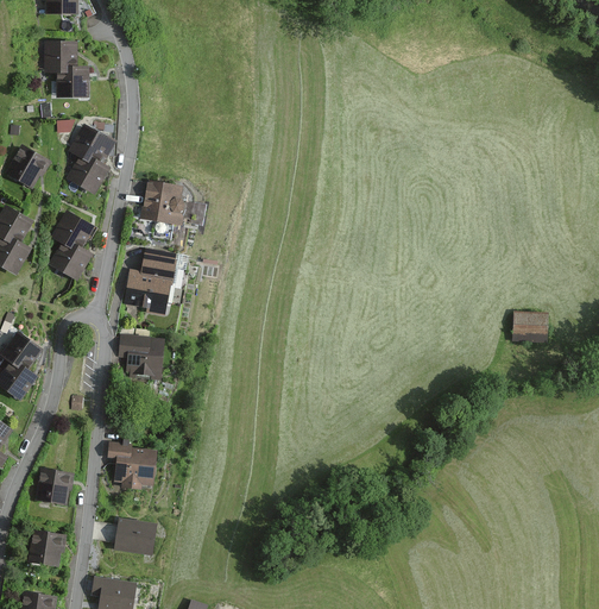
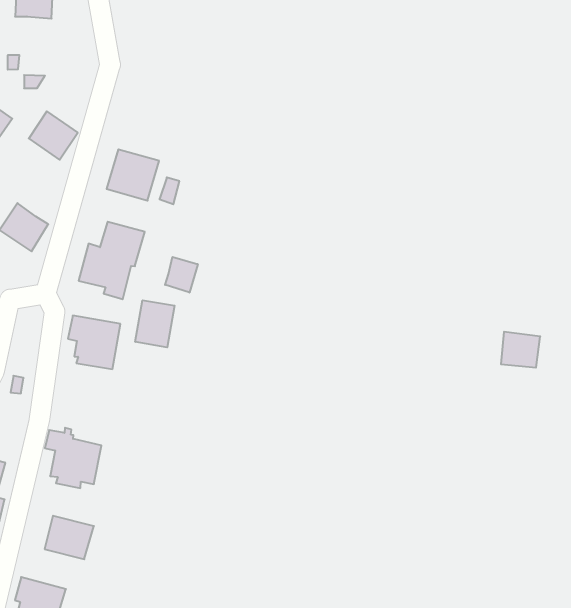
building: [55,67,89,95] -> none
building: [71,123,115,163] -> none
building: [53,211,92,247] -> none
building: none -> [165,257,198,293]
building: none -> [135,300,175,347]

